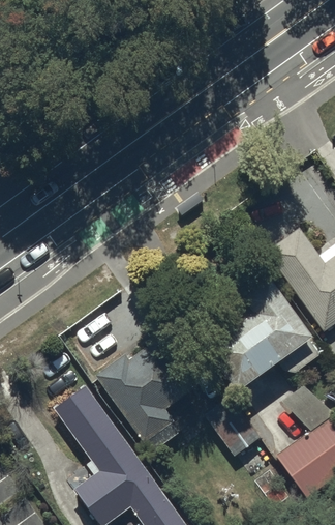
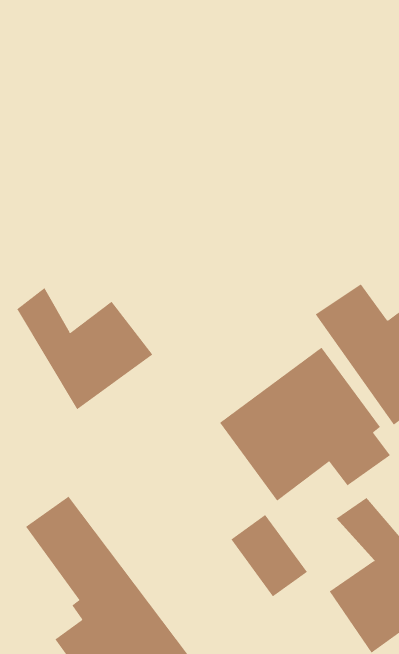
building: none -> [16,287,153,410]
building: [96,340,196,454] -> none

